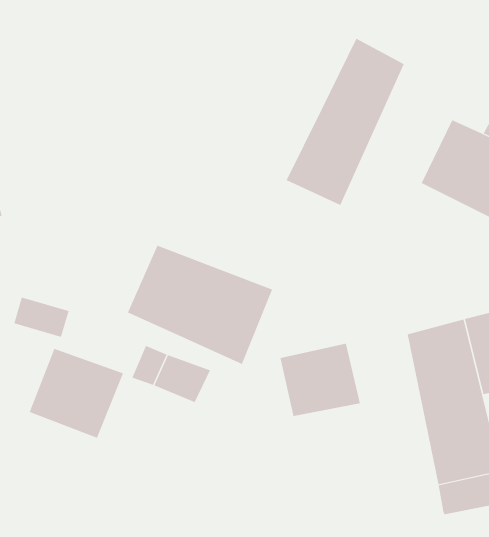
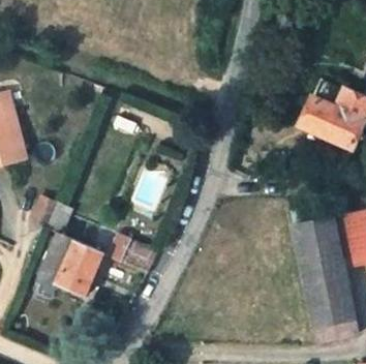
building: [286,38,405,206] -> none
building: [127,245,273,365] -> none
building: [280,343,360,417] -> none

